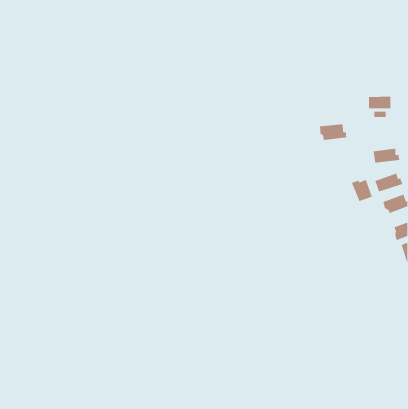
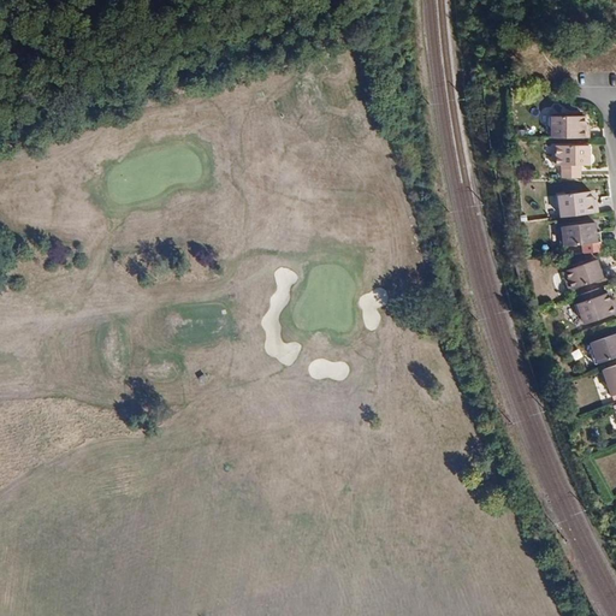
building: none -> [550,117,590,138]
building: [319,124,347,141] -> [555,191,597,217]
building: [351,179,372,202] -> none

